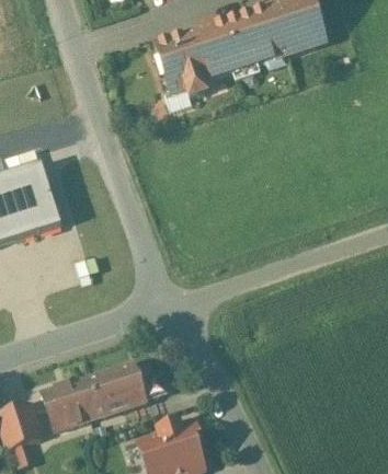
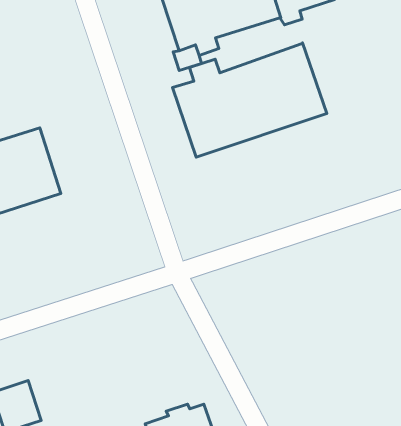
building: none -> [173,43,327,157]
building: [43,360,147,429] -> none

